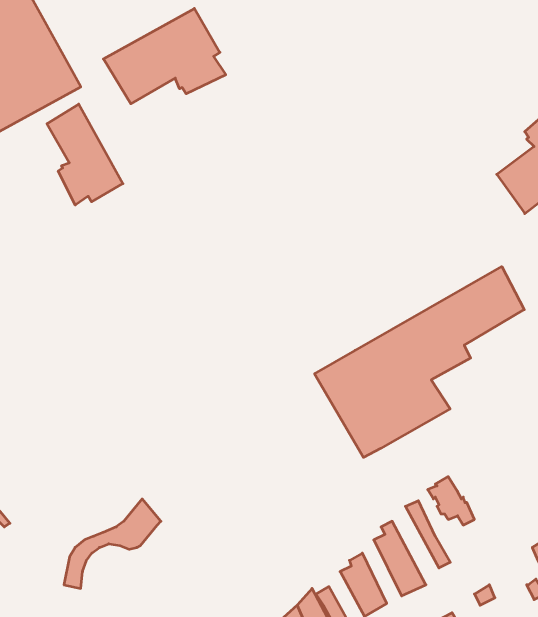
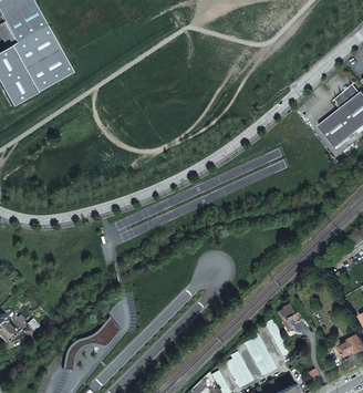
building: [103,8,226,104] -> none
building: [47,104,123,205] -> none
building: [315,267,524,457] -> none

